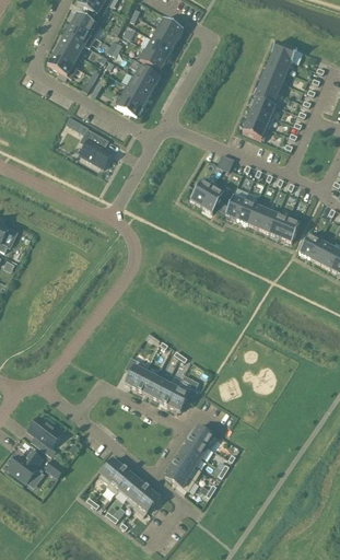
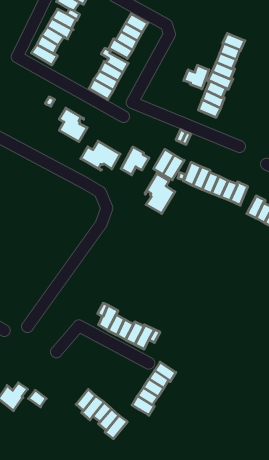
building: none -> [184,65,209,89]
building: none -> [81,141,120,170]
building: none -> [121,147,149,175]
building: none -> [145,173,175,214]
building: [27,413,62,455] -> none

